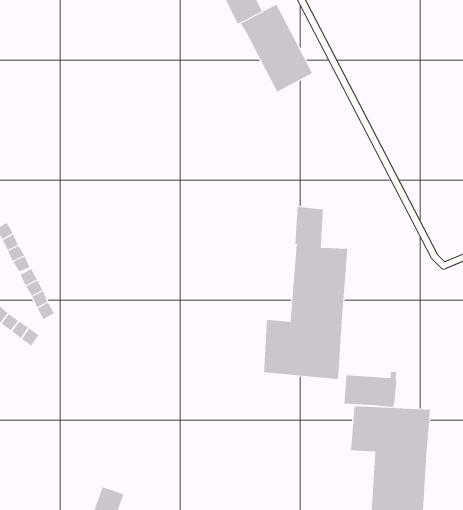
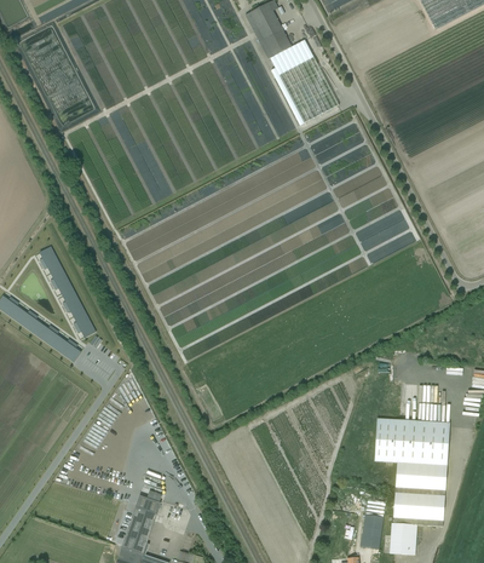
building: [263,206,348,380] -> none
building: [344,371,397,408] -> none

